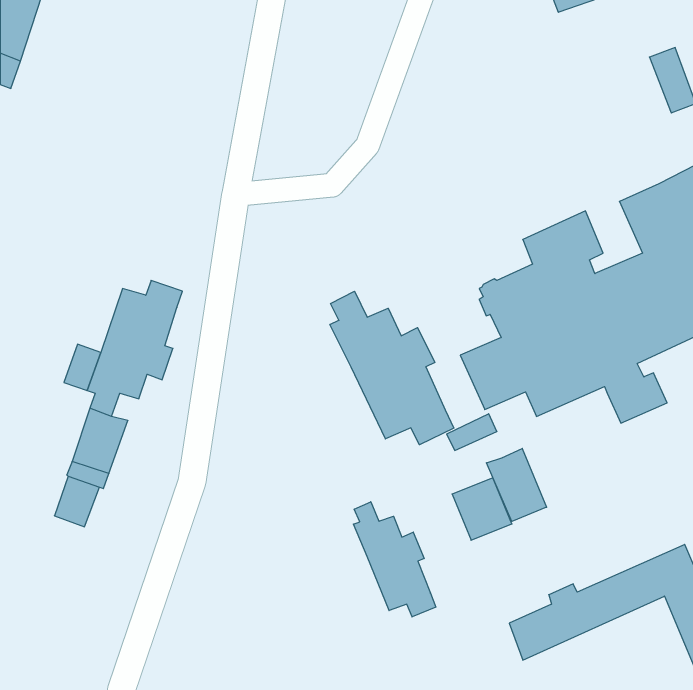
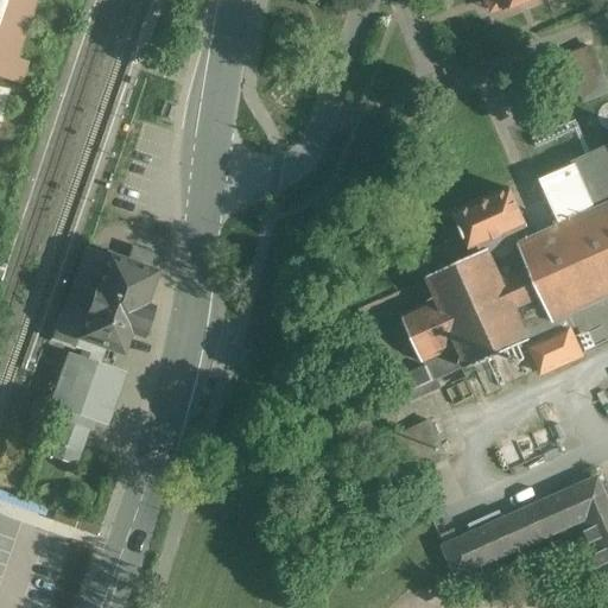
building: [330,291,454,445] -> none
building: [486,448,547,521] -> none
building: [353,502,436,617] -> none

